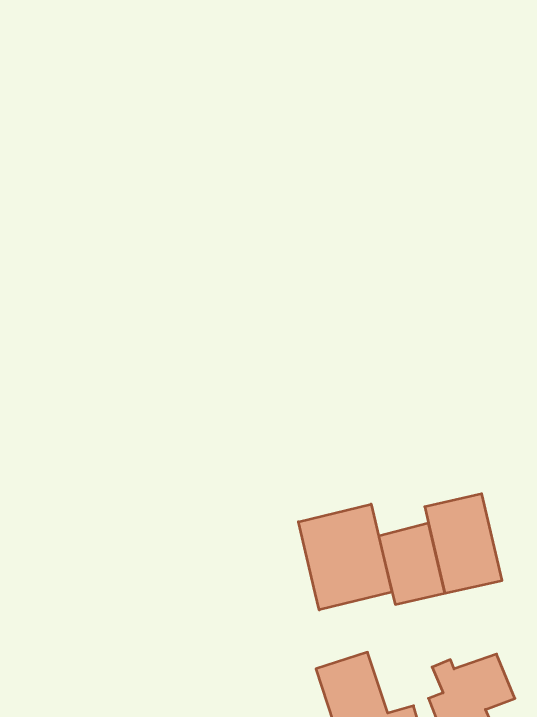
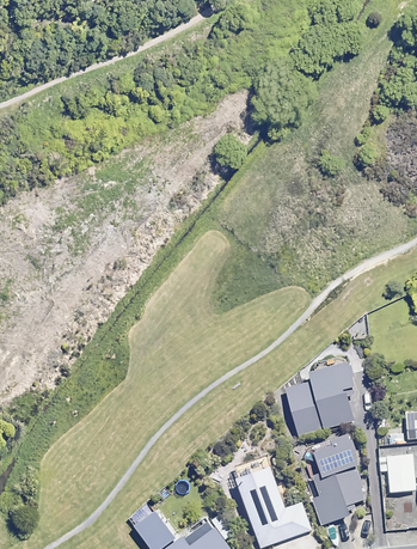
building: [298,504,392,610] -> none
building: none -> [318,434,361,477]

